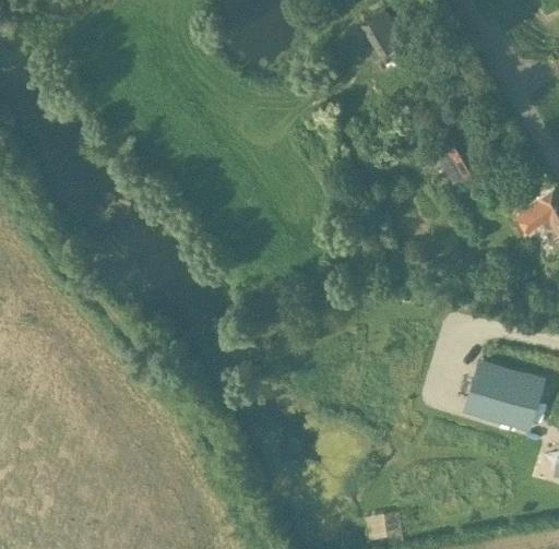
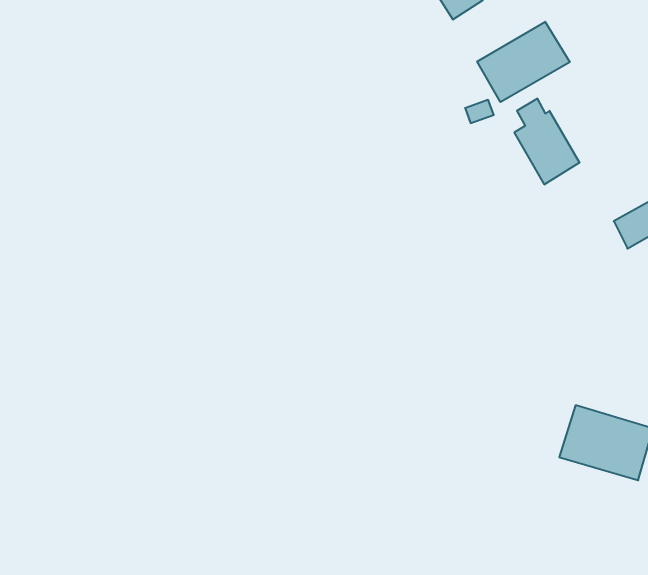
building: none -> [477,22,570,102]

